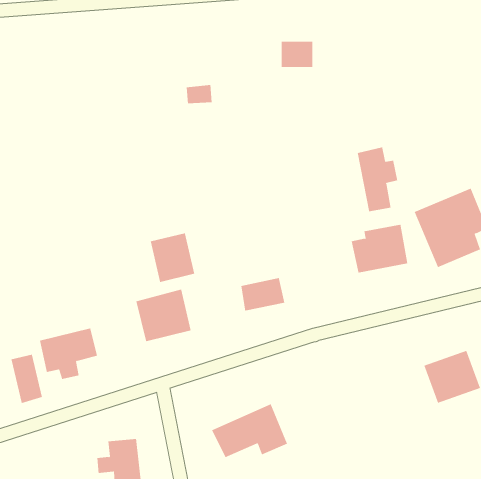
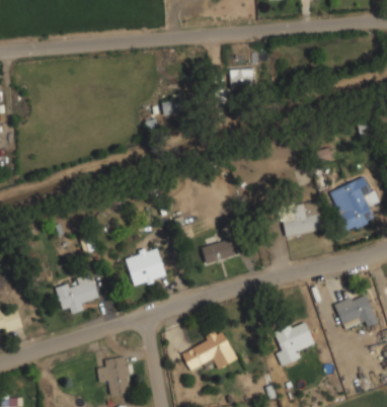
building: [357,147,398,212] -> none
building: [150,232,195,283] -> none
building: [11,354,42,404] -> none
building: none -> [270,320,314,365]

